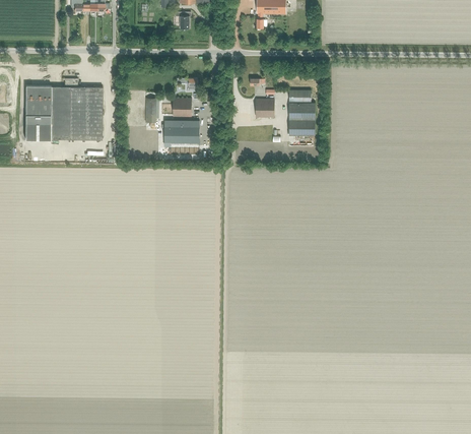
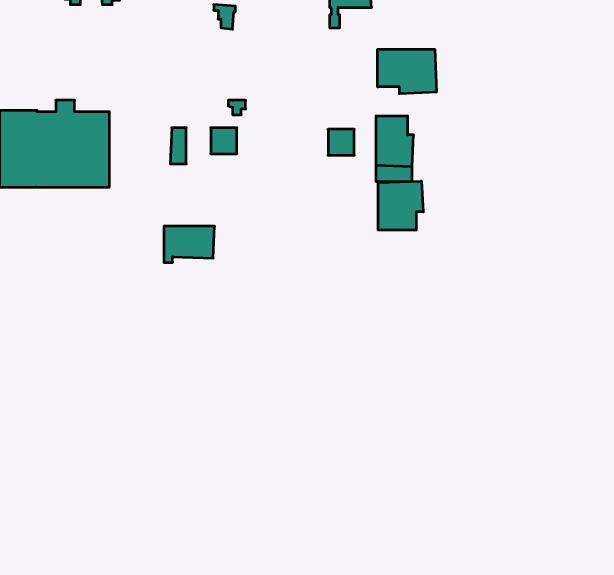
building: none -> [378,49,436,94]
building: [163,120,199,145] -> [164,226,215,262]
building: none -> [378,181,423,230]

